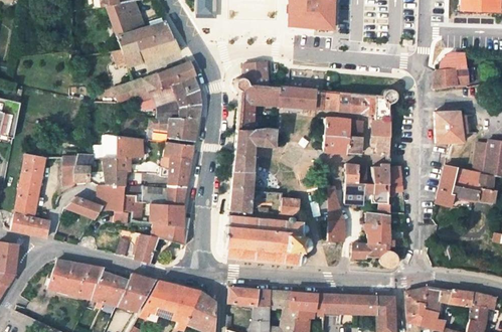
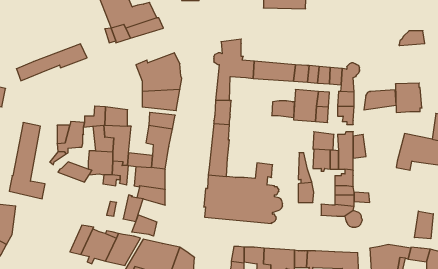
building: [115,61,192,102] -> [16,44,87,81]
building: [433,66,468,89] -> [364,90,396,110]
building: [254,128,279,146] -> [272,101,295,117]
building: none -> [414,211,433,239]
building: none -> [132,215,157,236]
building: [48,260,91,295] -> none
building: [228,287,258,305] -> none

